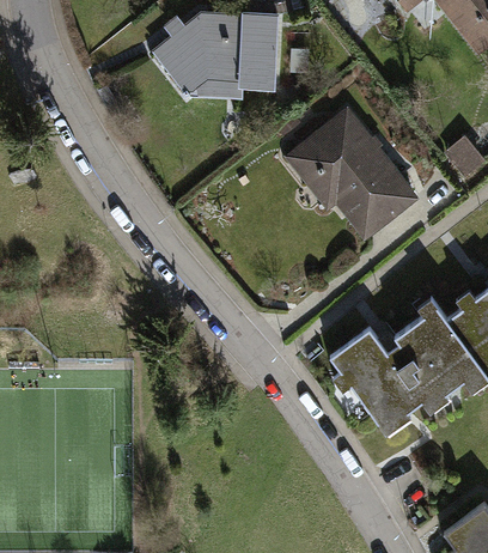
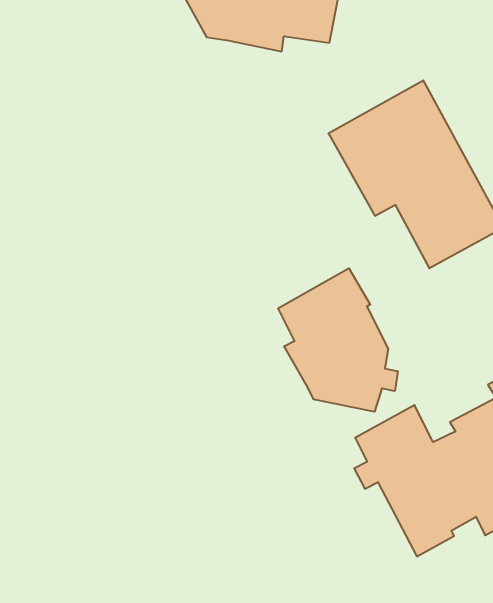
building: none -> [278,268,398,412]

